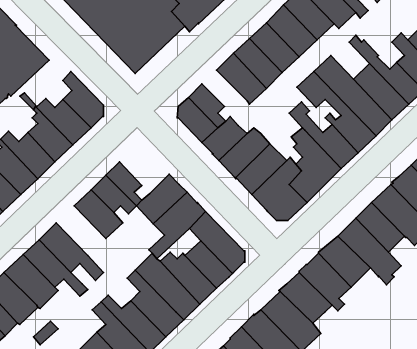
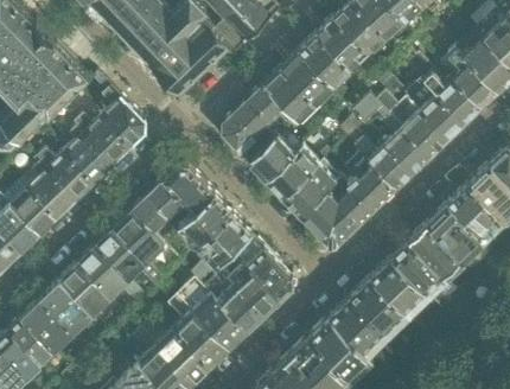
building: none -> [248,87,295,126]
building: none -> [161,168,213,216]
building: none -> [95,229,164,289]

